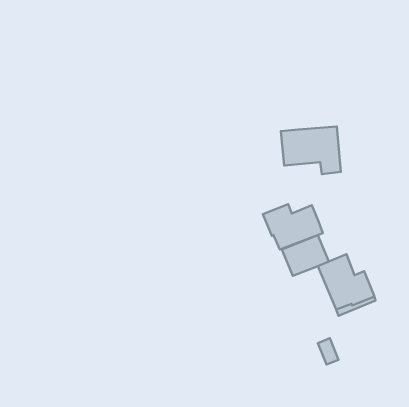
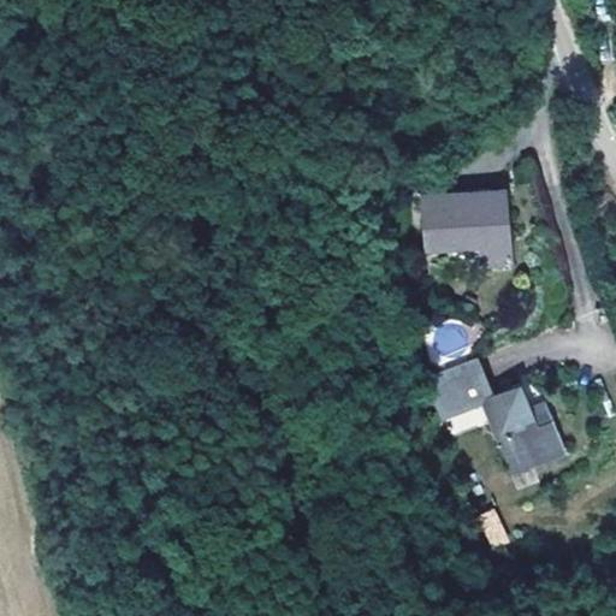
building: [263,204,323,250] -> none

